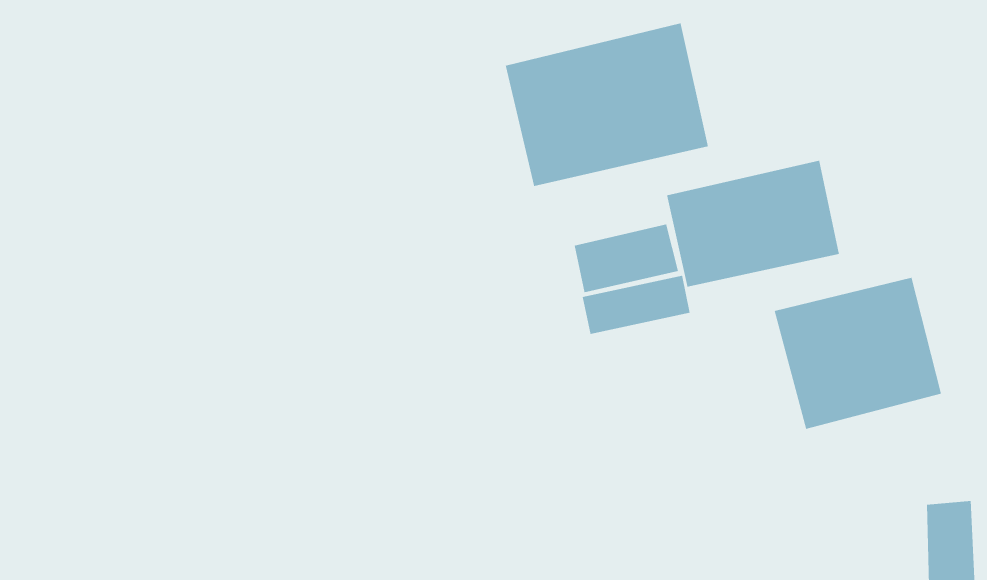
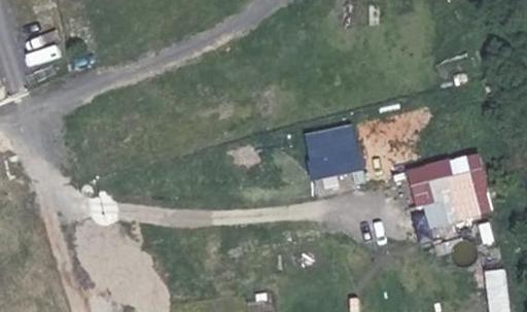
building: [505,22,708,187] -> none
building: [666,160,839,287] -> none

